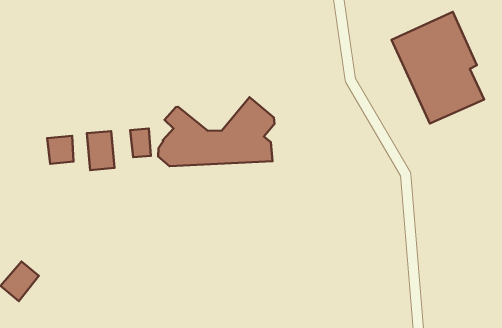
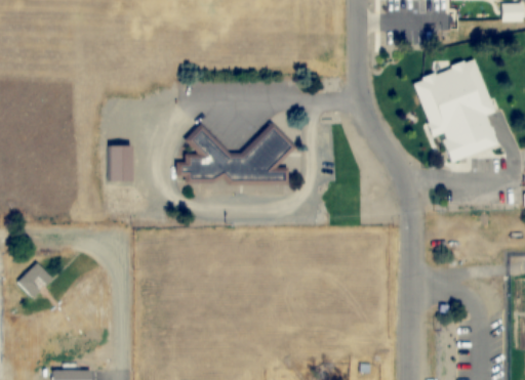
building: [130,128,151,157] -> none
building: [47,136,74,164] -> none

